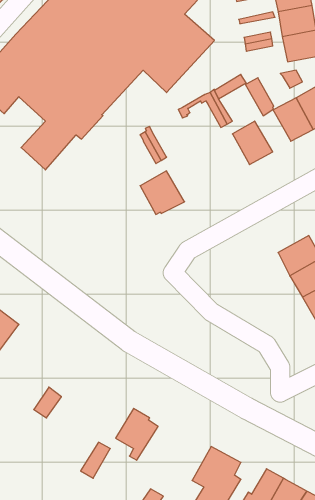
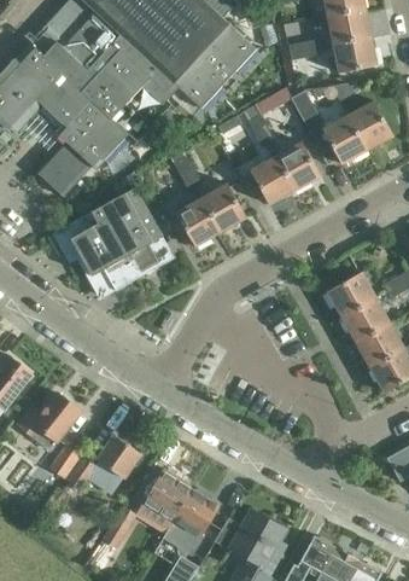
building: none -> [250,156,294,205]
building: none -> [200,184,246,233]
building: none -> [52,188,180,297]
building: none -> [17,394,81,442]
building: none -> [66,436,140,492]
building: none -> [162,489,220,554]

